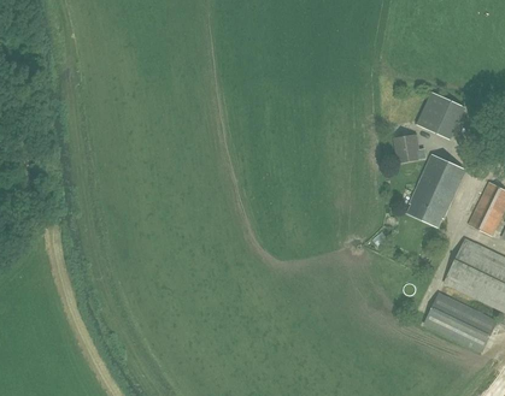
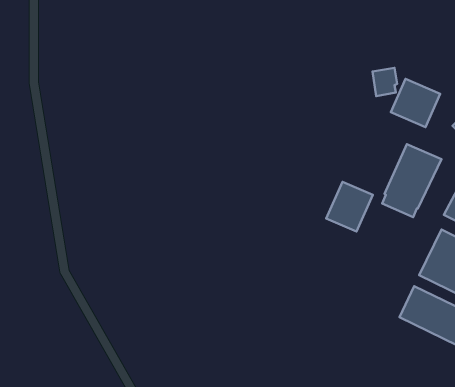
building: [394,134,418,161] -> [372,68,397,96]
building: none -> [326,182,373,231]

